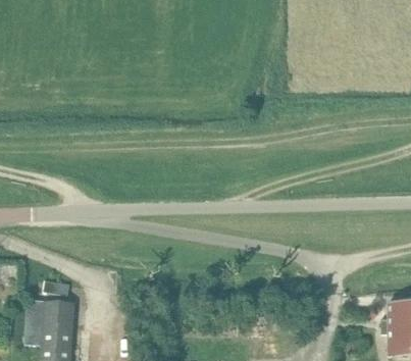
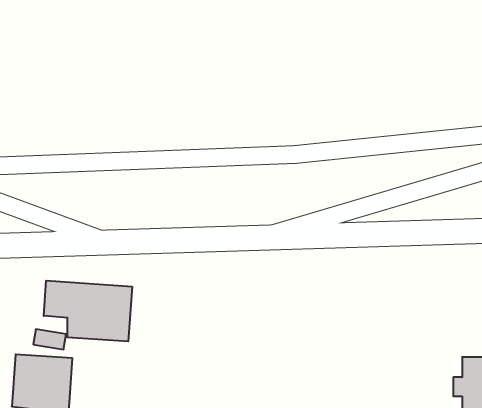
building: none -> [44,281,132,341]

